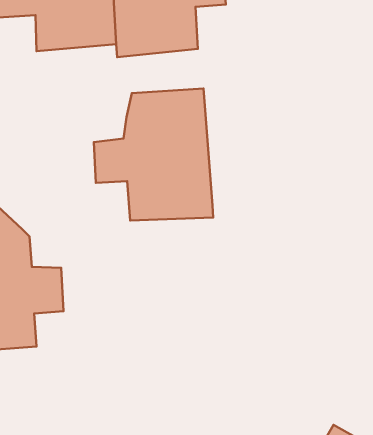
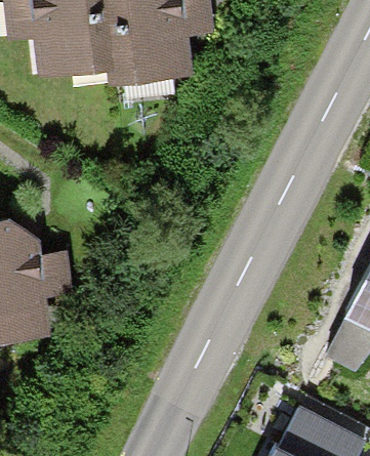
building: [94,89,213,220] -> none

